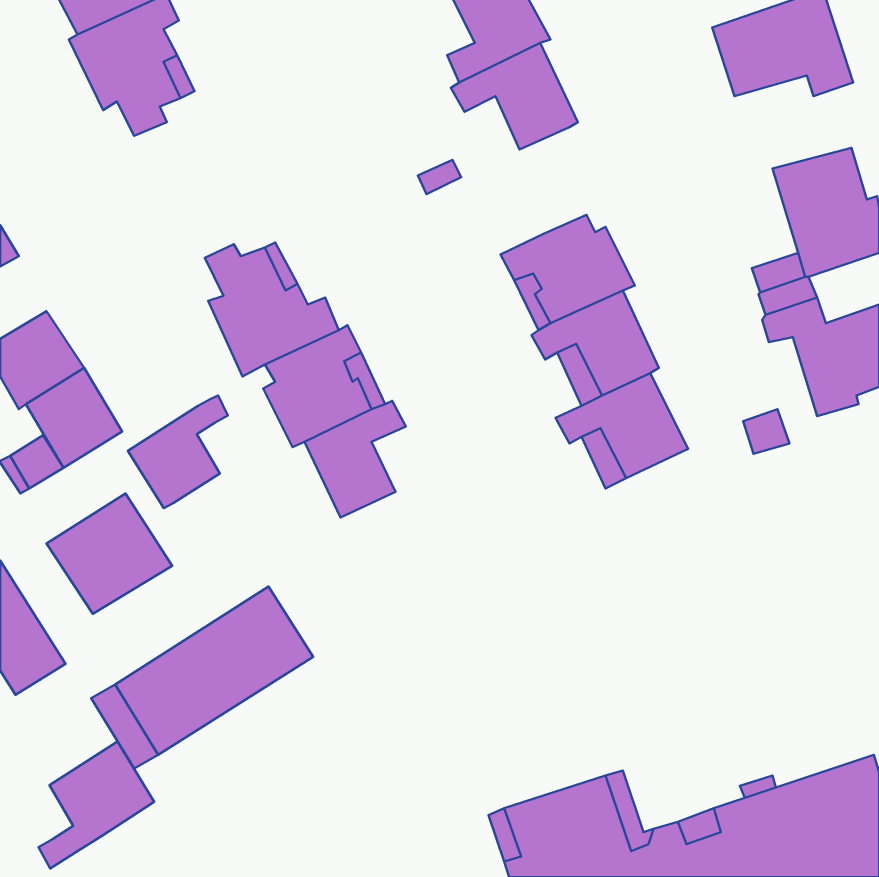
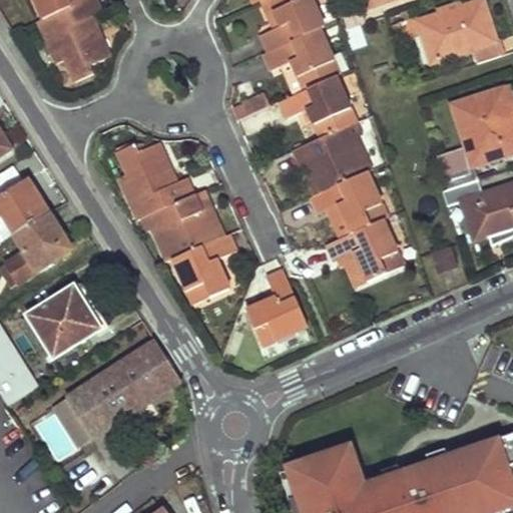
building: none -> [279,74,355,136]
building: [128,396,228,508] -> none
building: none -> [244,269,311,346]
building: [38,742,154,869] -> none

